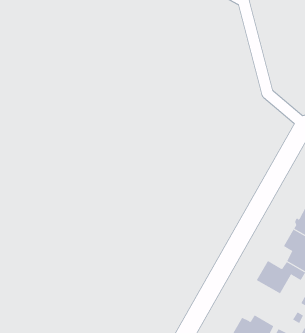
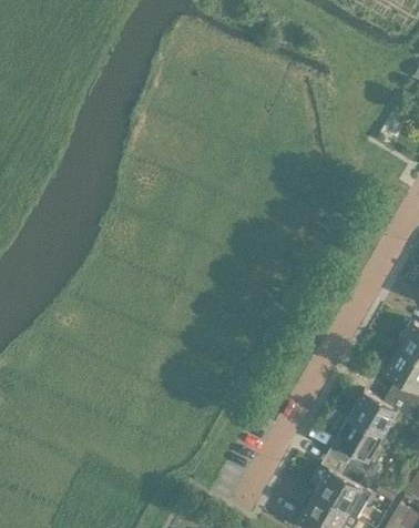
building: none -> [335,420,388,483]

